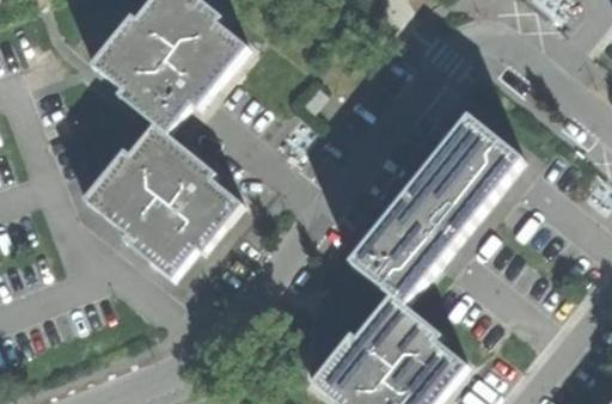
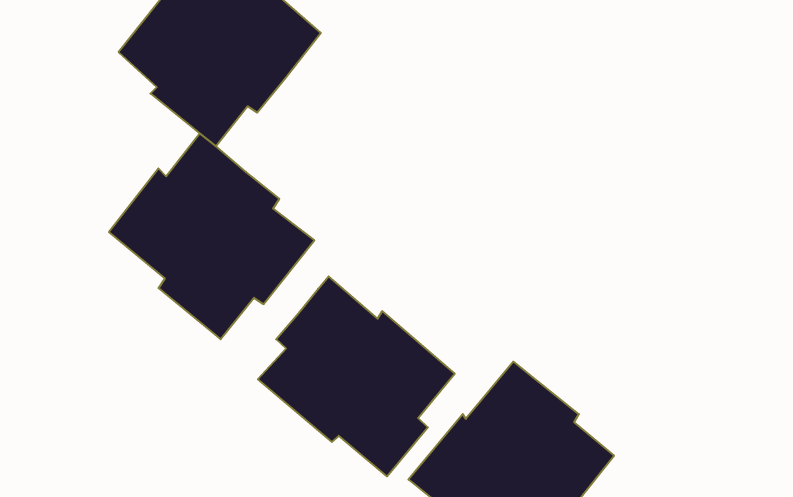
building: [351,121,519,307] -> none
building: none -> [258,276,455,476]

